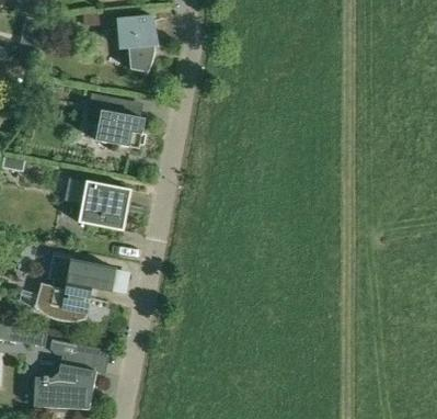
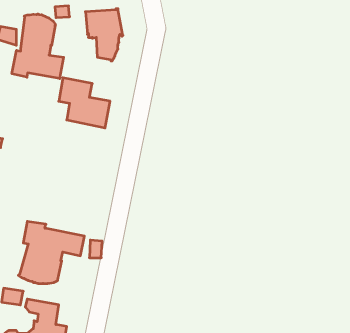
building: none -> [12,14,64,79]
building: [78,179,130,229] -> none

